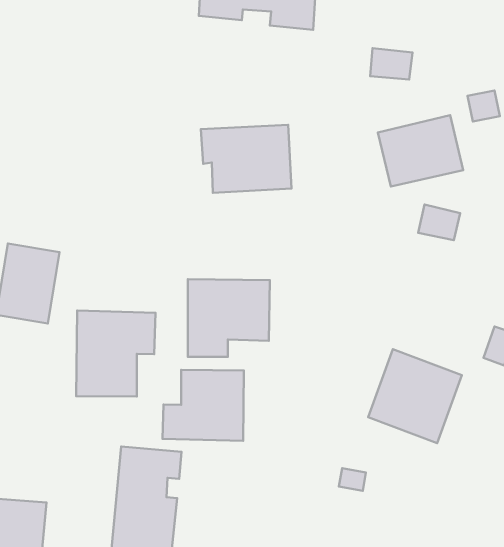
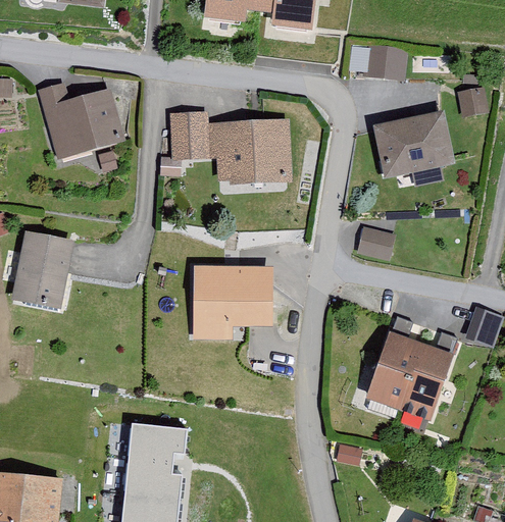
building: none -> [38,83,123,157]
building: none -> [167,110,208,158]
building: [418,205,460,240] -> [356,225,396,259]
building: [76,311,155,397] -> none
building: [162,370,244,441] -> none

